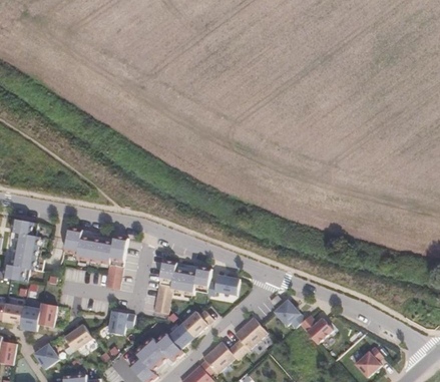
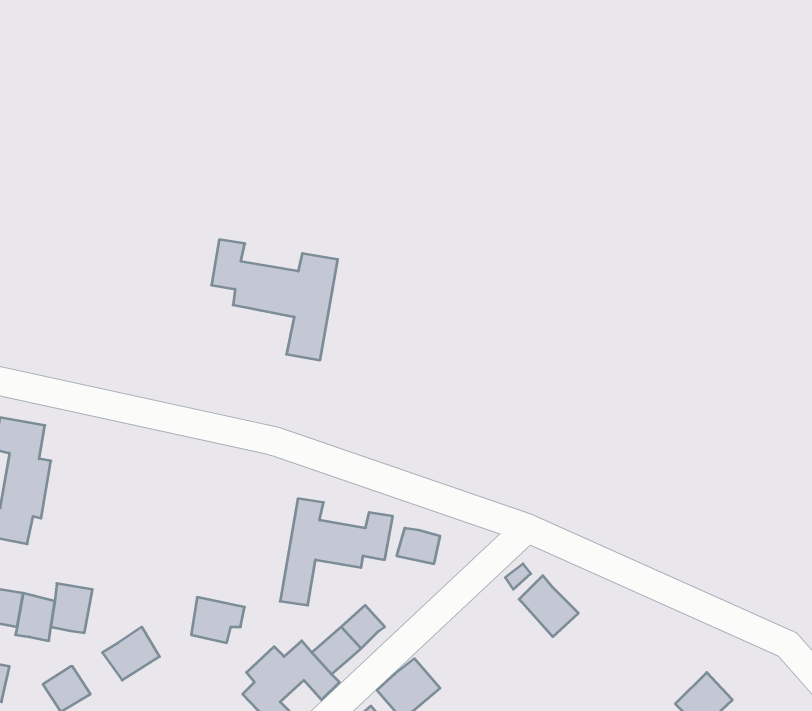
building: [65,228,129,289] -> [211,240,338,360]
building: [299,308,334,343] -> none
building: [234,317,264,346] -> none

